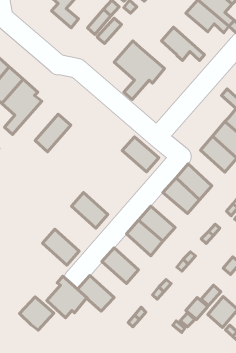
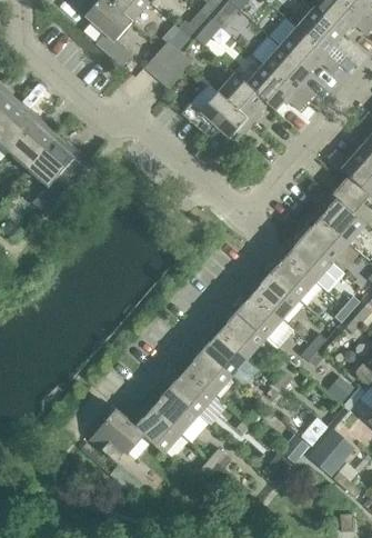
building: none -> [263,47,313,103]
building: none -> [218,73,268,122]
building: [35,114,71,152] -> none
building: [122,137,159,172] -> [232,291,282,339]
building: none -> [283,233,333,282]
building: [71,192,108,228] -> [182,348,232,397]
building: [43,229,79,265] -> [149,386,199,435]
building: [20,297,54,330] -> none

